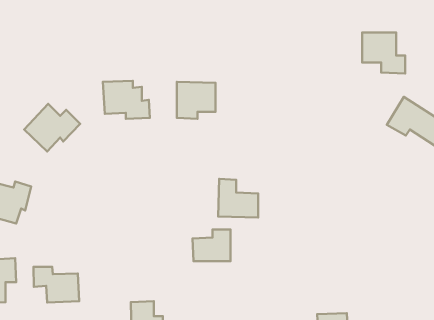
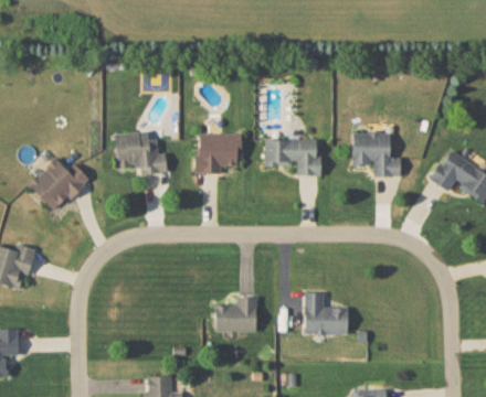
building: [362,33,405,73] -> [352,131,400,176]
building: none -> [265,139,321,175]
building: [218,179,258,218] -> [304,291,348,334]
building: [33,267,79,302] -> none

